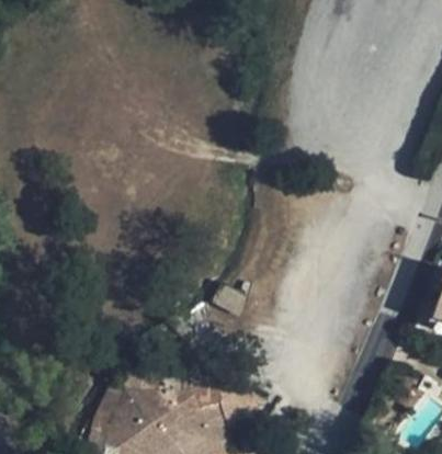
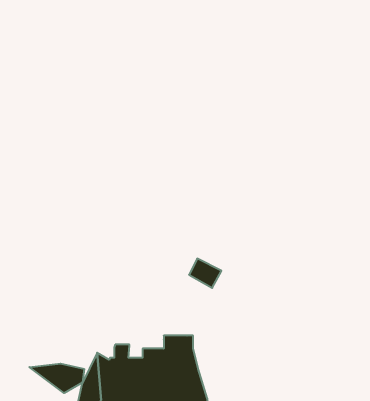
building: none -> [29,364,84,393]

